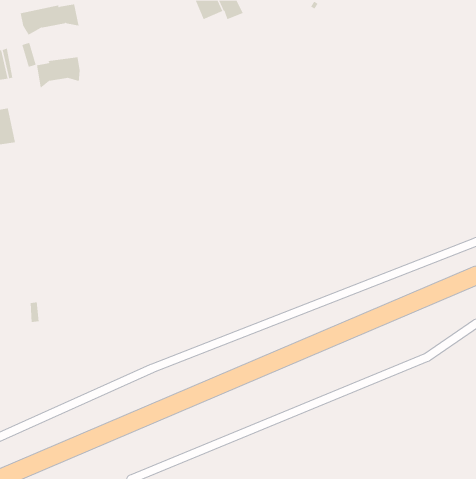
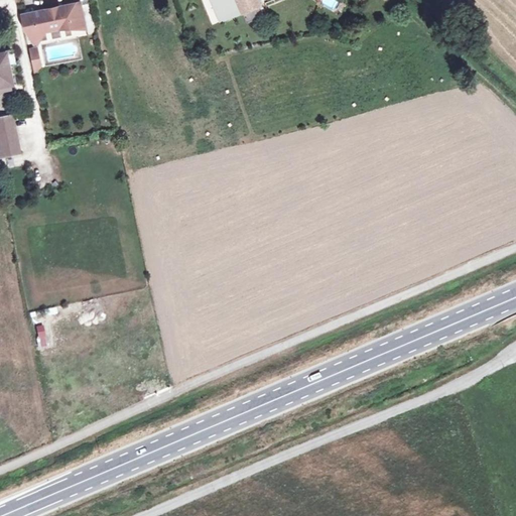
building: [37,56,80,89] -> none

